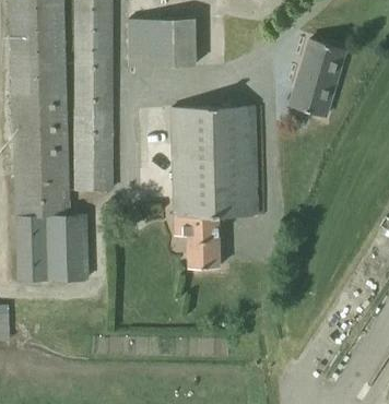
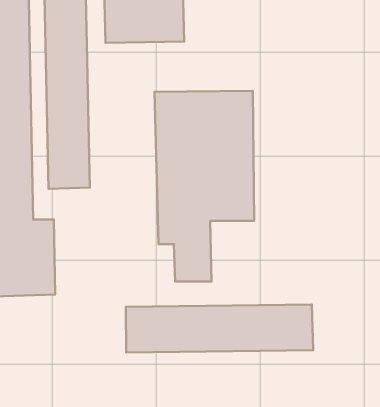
building: [292,39,344,118] -> none
building: none -> [126,305,313,353]

